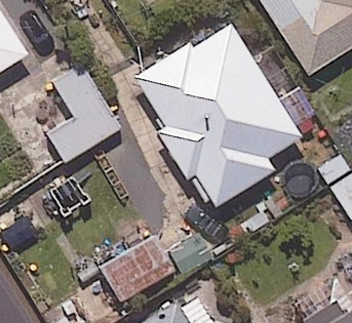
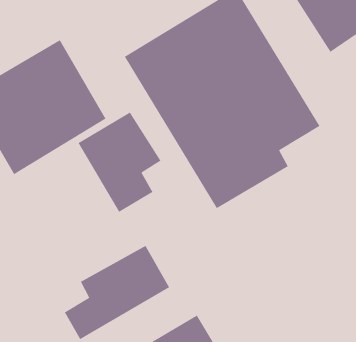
building: none -> [77,111,162,213]

